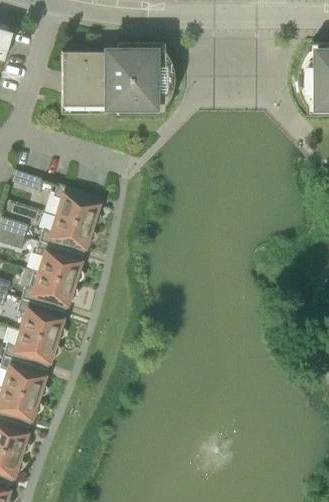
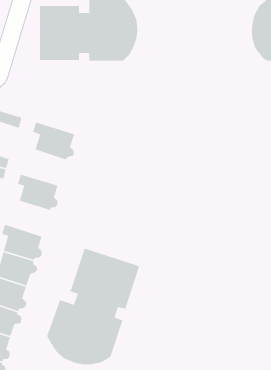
building: [40,215,96,255] -> none
building: [22,273,78,313] -> none
building: none -> [46,248,140,365]

